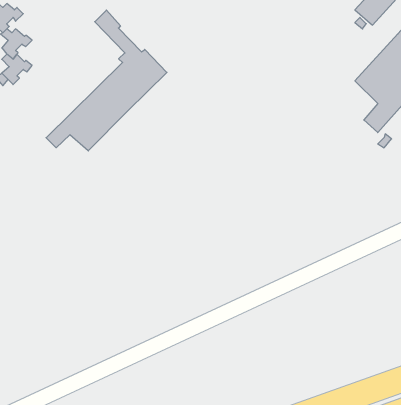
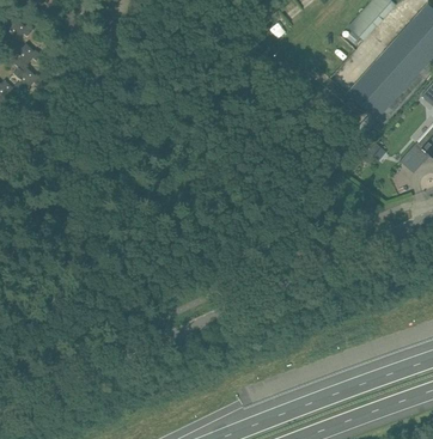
building: [46,10,167,151] -> none

